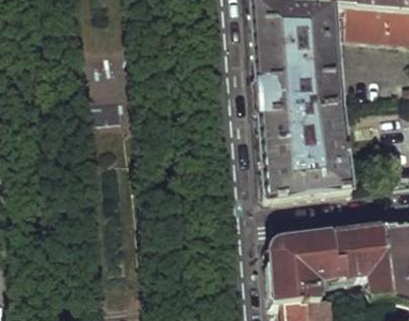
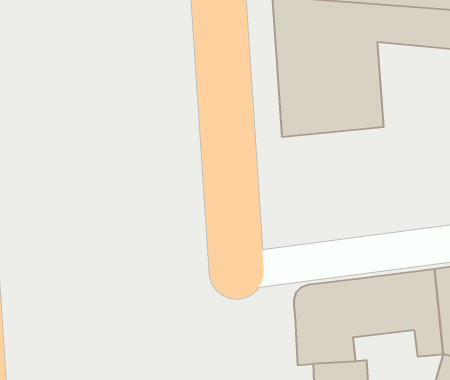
building: [260,108,353,202] -> none

